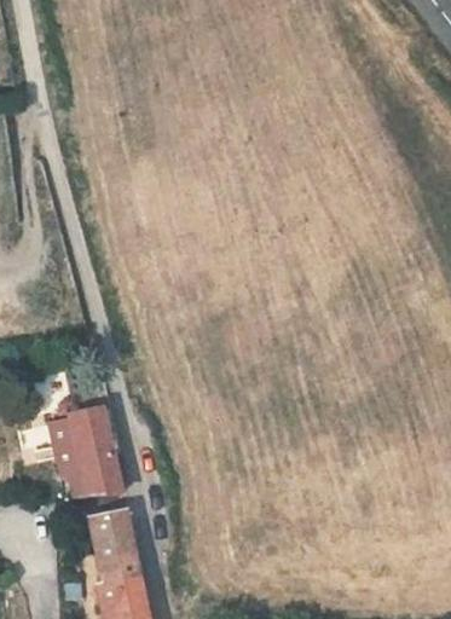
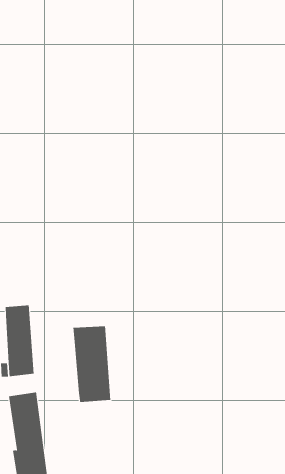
building: none -> [73,326,111,403]

